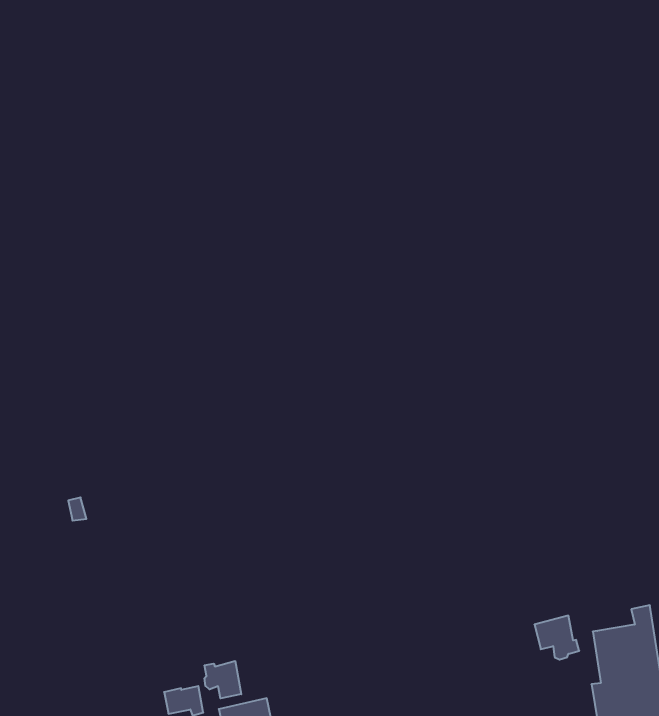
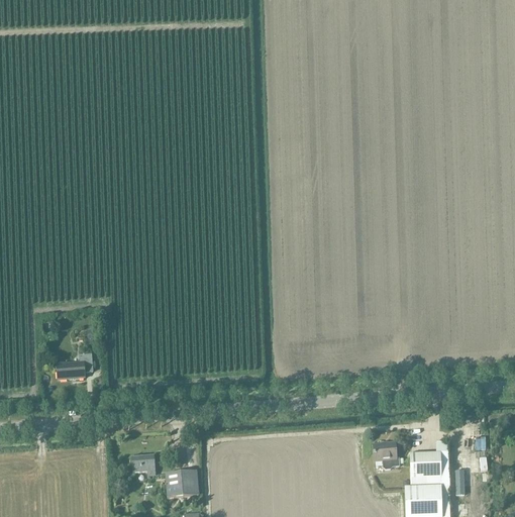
building: none -> [58,353,93,379]
building: [204,661,241,698] -> none

